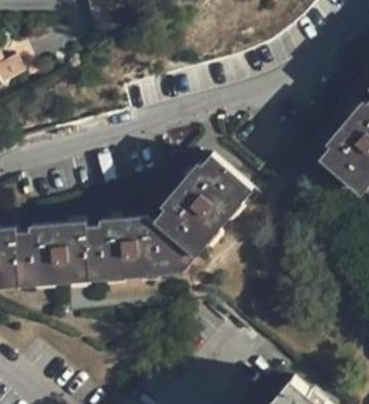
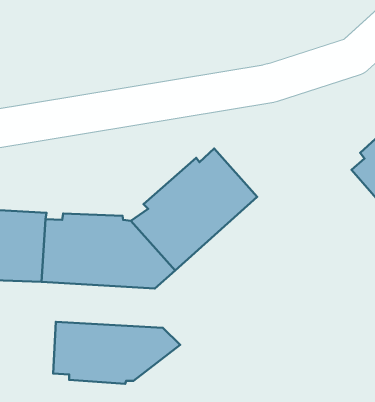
building: none -> [53,322,180,384]

